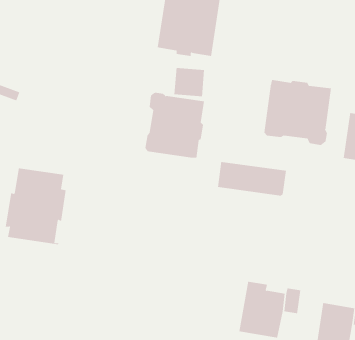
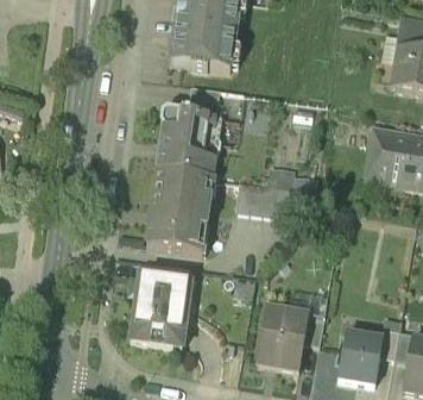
building: [264,79,332,146] -> none
building: [5,168,66,245] -> [146,170,212,252]
building: none -> [131,275,191,344]

